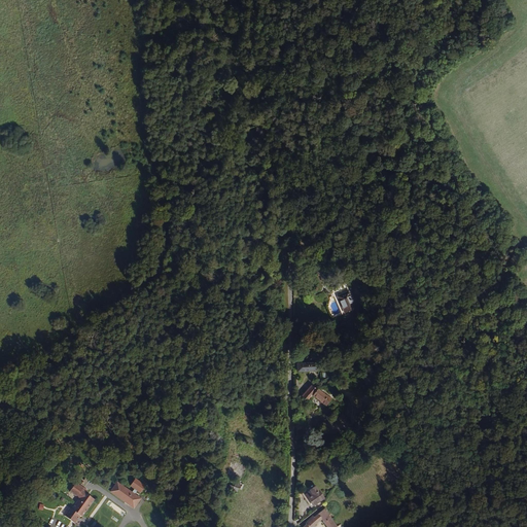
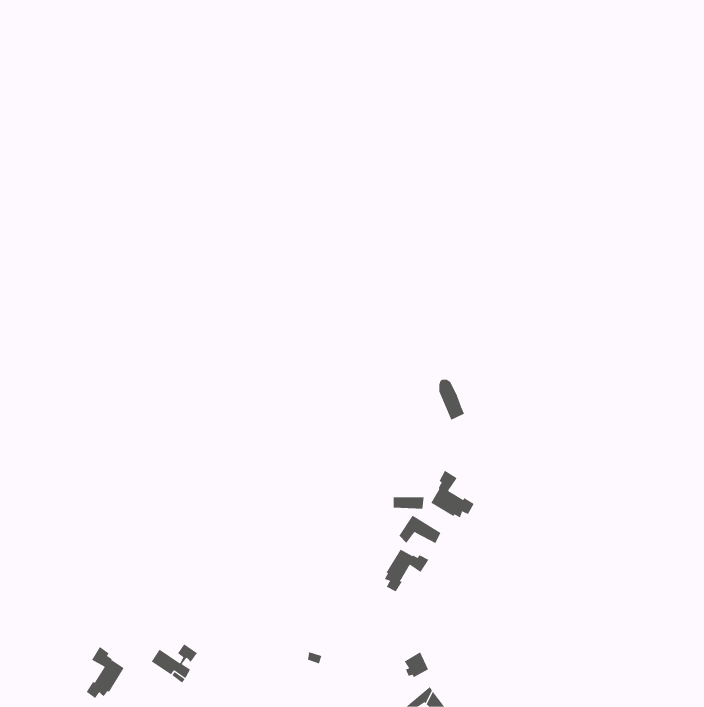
building: none -> [431,470,474,518]
building: none -> [384,549,429,592]

